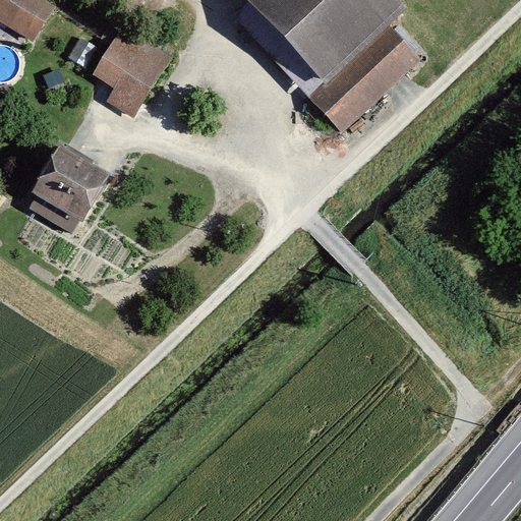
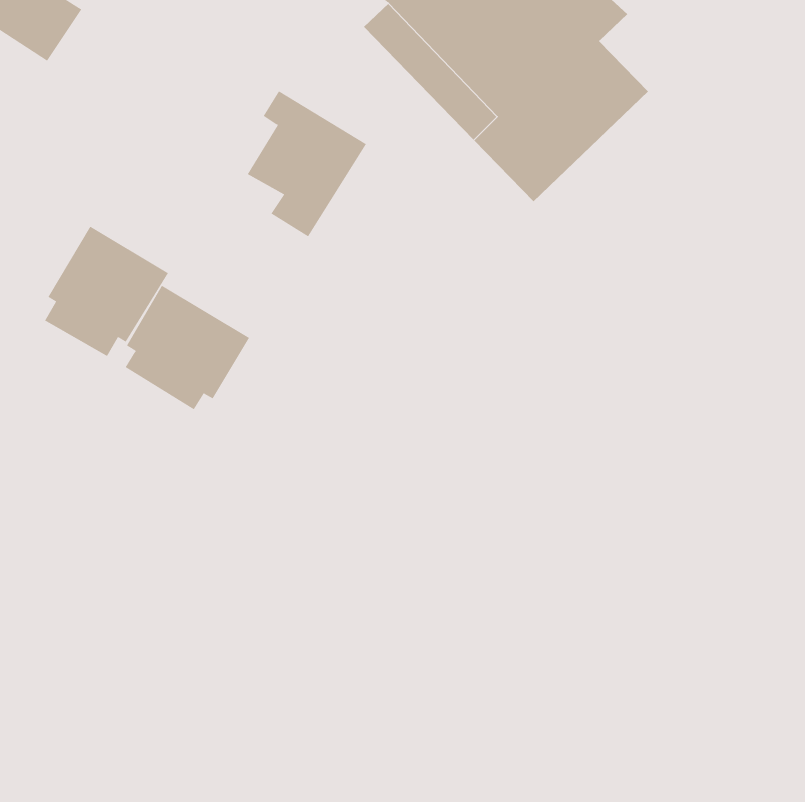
building: [92,20,169,115] -> [247,90,367,237]
building: none -> [125,285,250,410]

